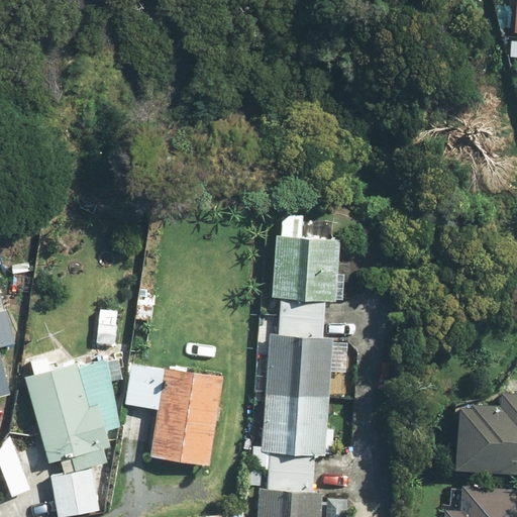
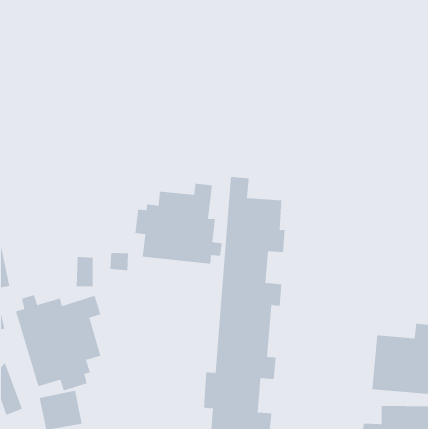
building: none -> [135,183,222,264]
building: [124,364,220,467] -> none

